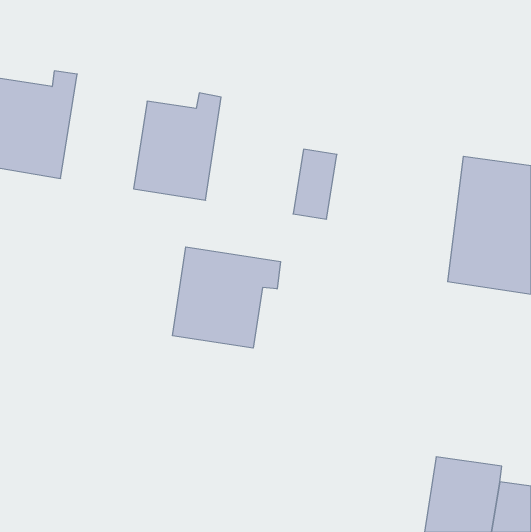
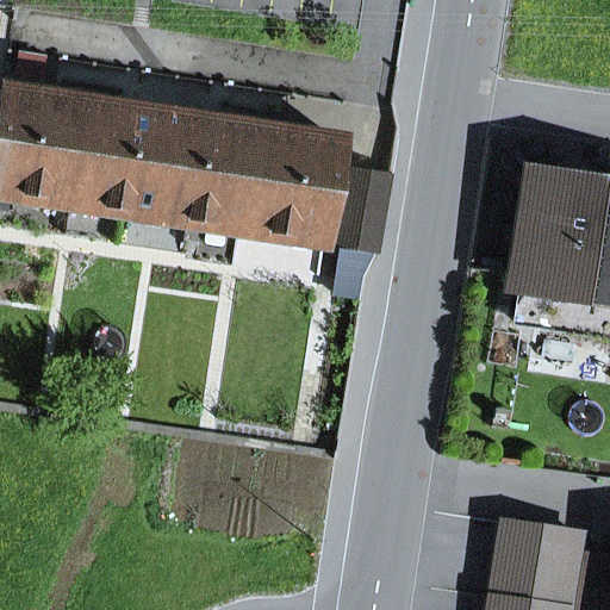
building: none -> [69,85,168,216]
building: none -> [235,111,337,242]
building: [173,247,281,348] -> none

